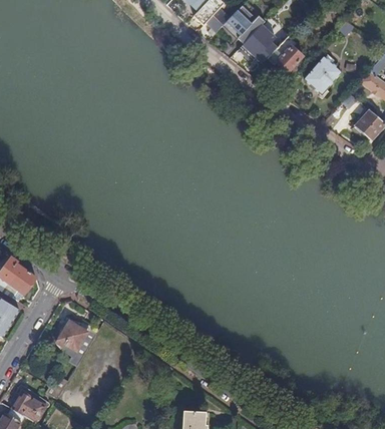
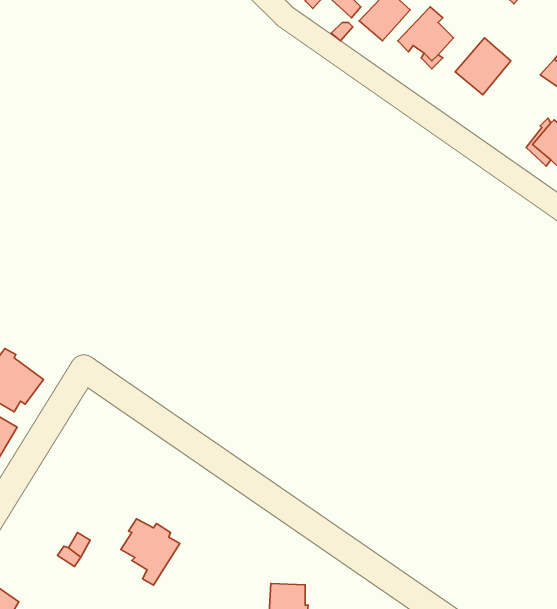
building: [55,315,93,358] -> [121,519,180,585]
building: [13,393,45,422] -> none

